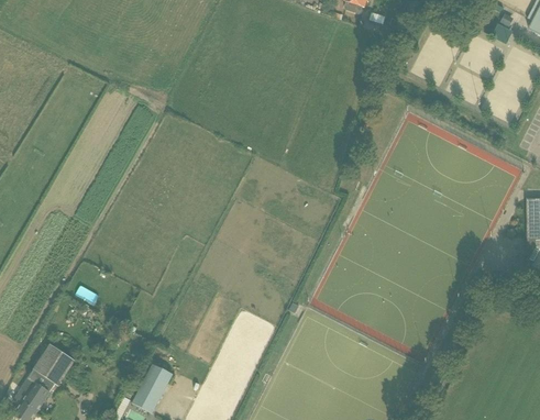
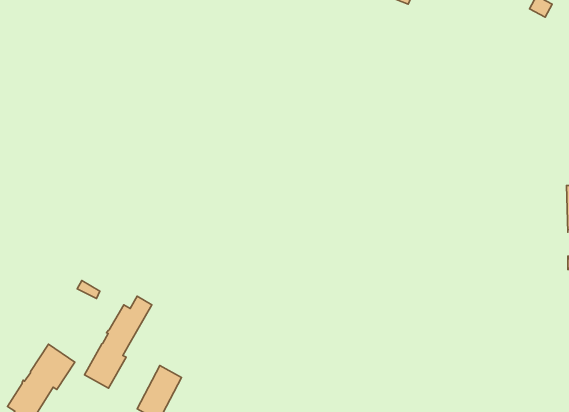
building: none -> [84,296,152,388]

